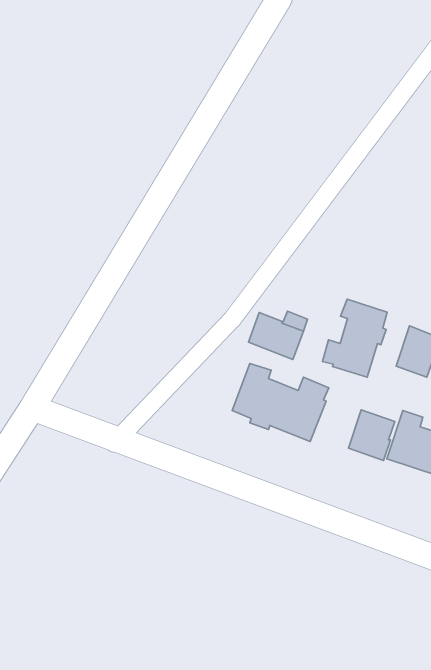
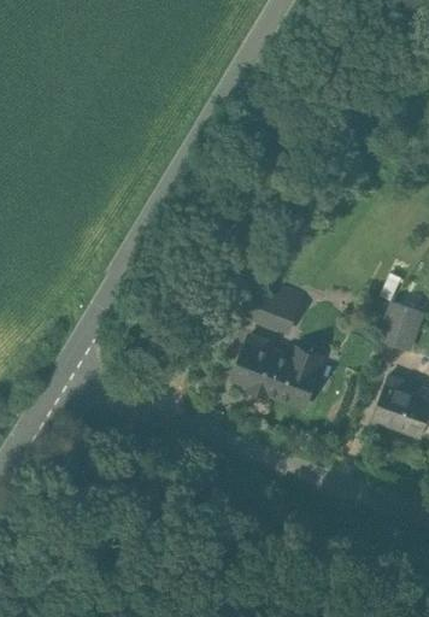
building: [322,299,387,377] -> none
building: [348,410,395,461] -> none

